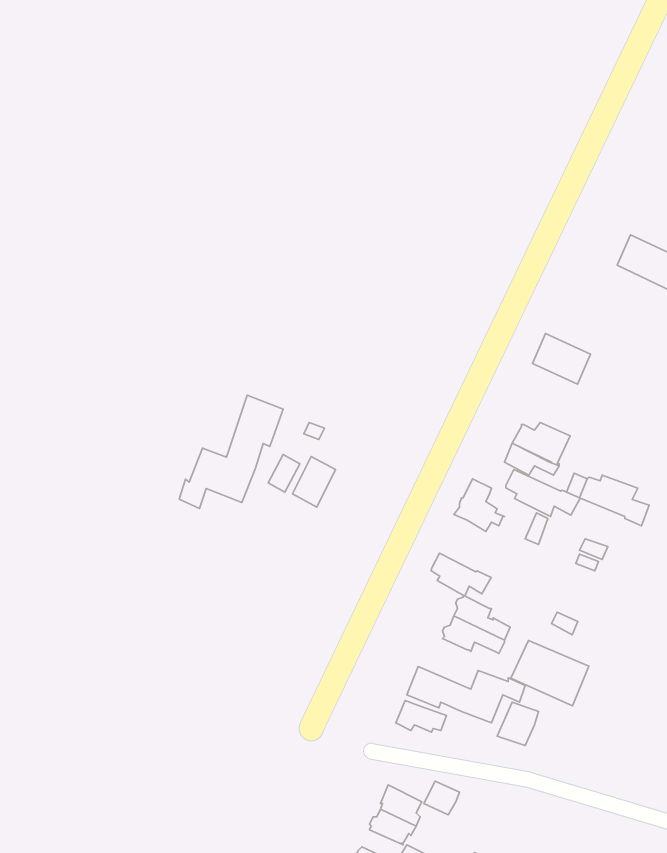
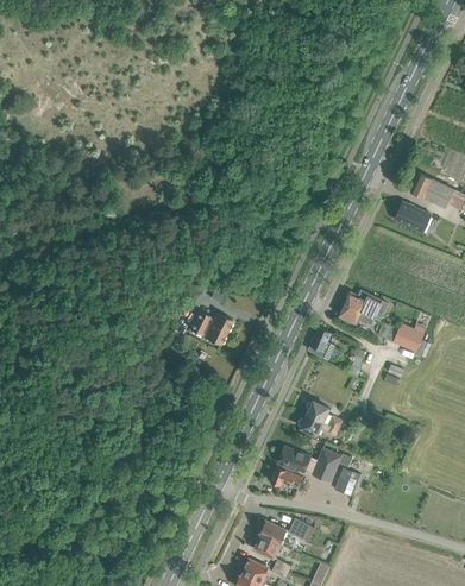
building: [532,333,591,384] -> [394,201,431,233]
building: [179,395,283,509] -> none
building: [506,470,580,517] -> none
building: [431,553,491,596] -> none
building: [511,640,589,706] -> none

